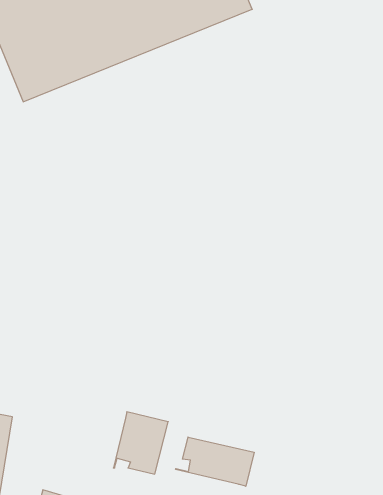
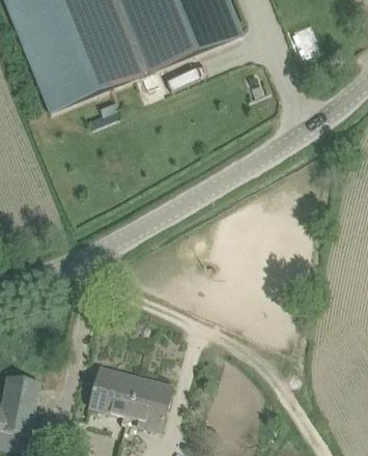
building: none -> [90,371,136,424]
building: [176,437,254,486] -> none

